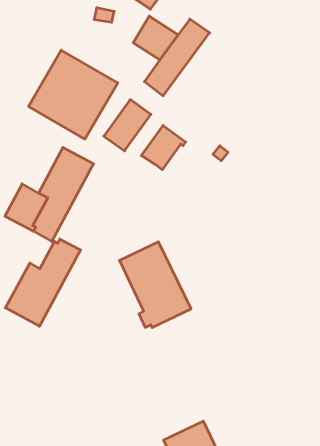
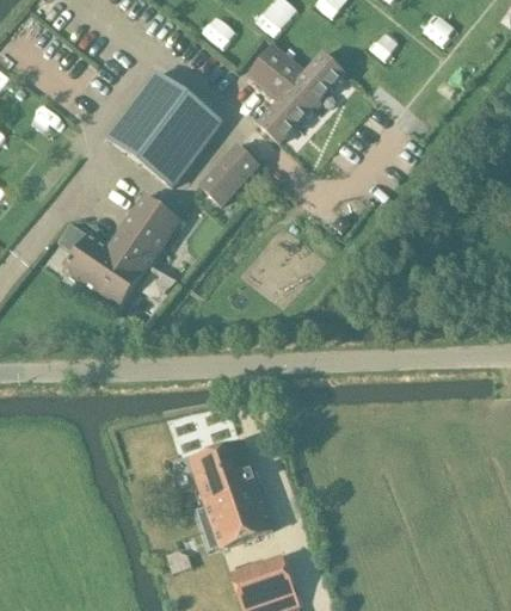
building: [141,125,186,170] -> none
building: [5,239,81,326] -> none
building: [119,242,191,328] -> [189,440,271,547]

